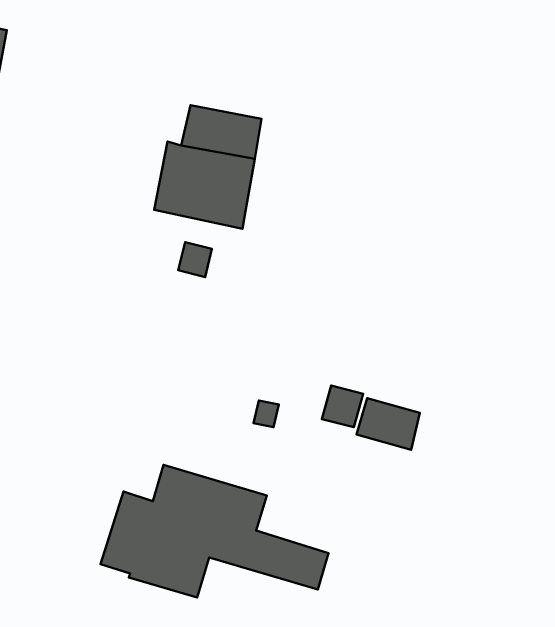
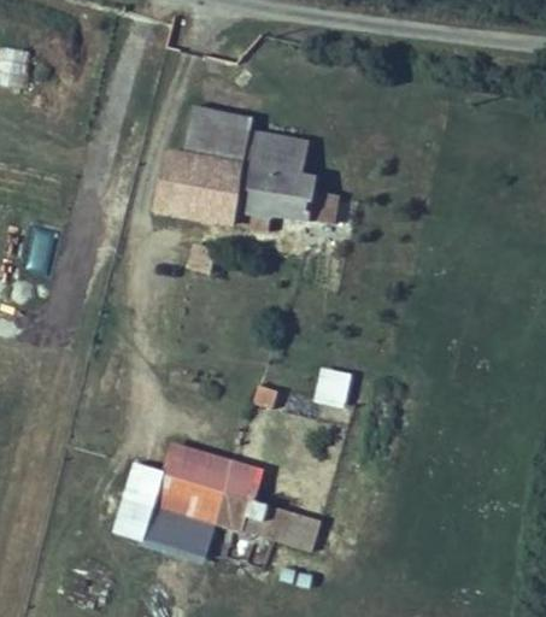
building: none -> [243,129,319,219]
building: [356,398,420,450] -> none

